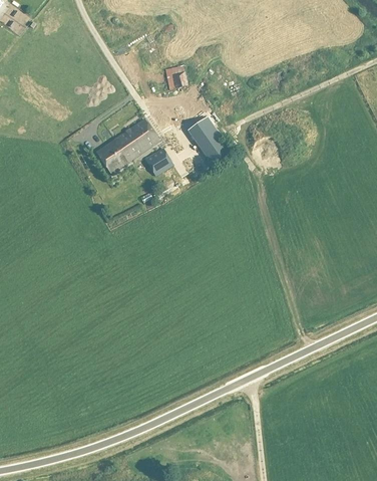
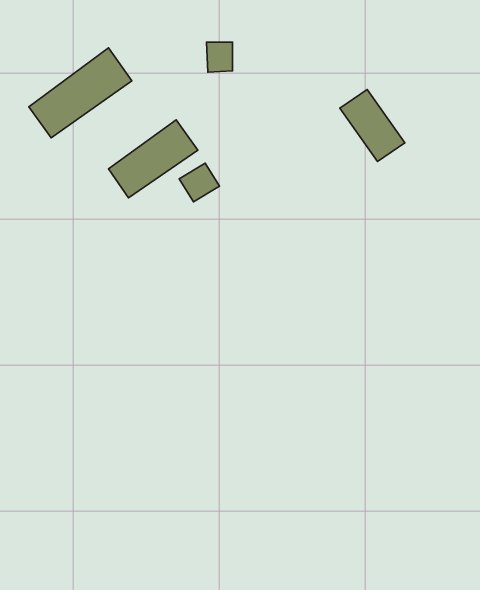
building: none -> [29,48,132,138]
building: [187,118,233,169] -> [340,89,405,161]

